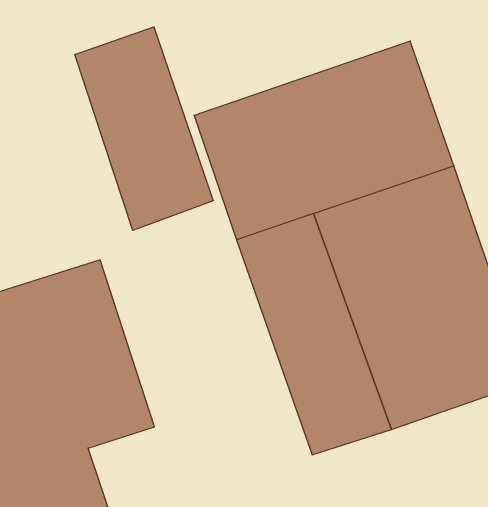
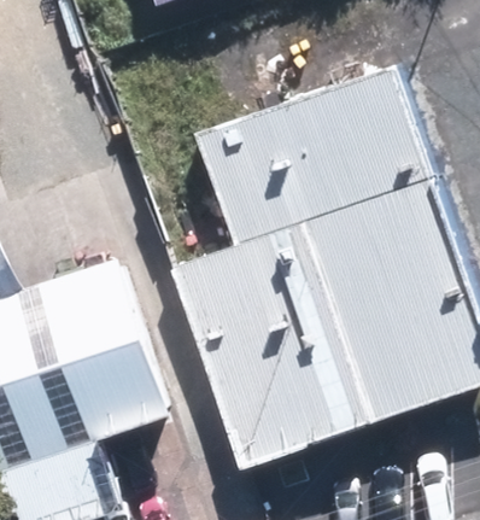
building: [75,27,213,230] -> none
building: none -> [174,245,308,463]

